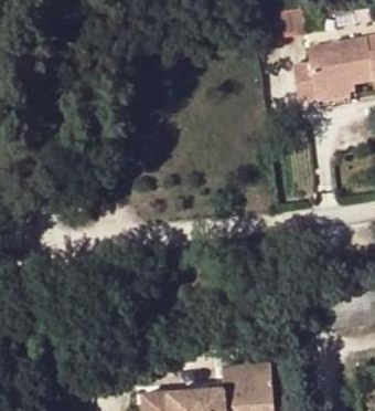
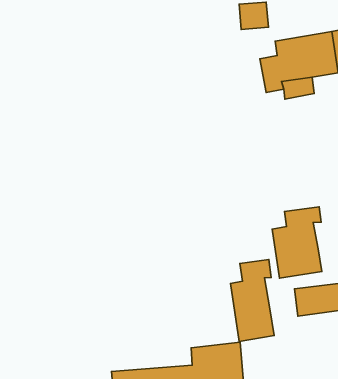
building: none -> [272,207,322,278]
building: none -> [230,260,274,342]

